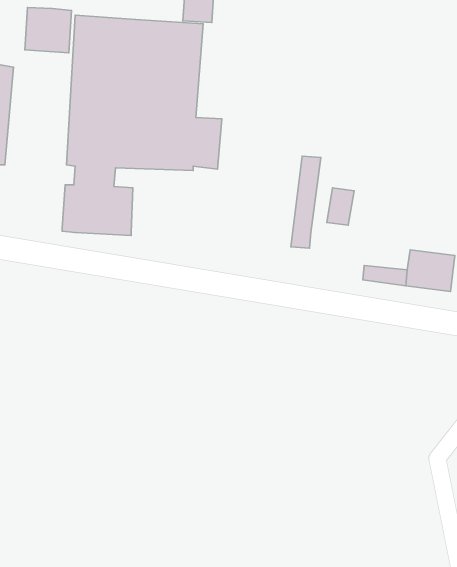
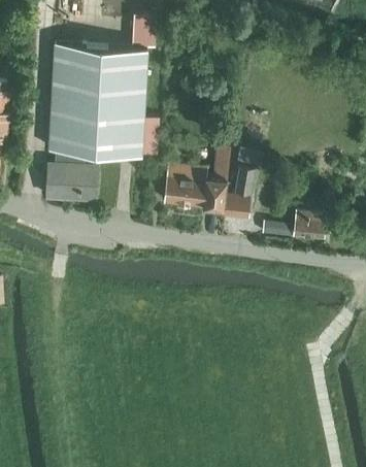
building: [25,7,71,53] -> none
building: none -> [164,165,206,207]
building: none -> [224,194,251,218]

